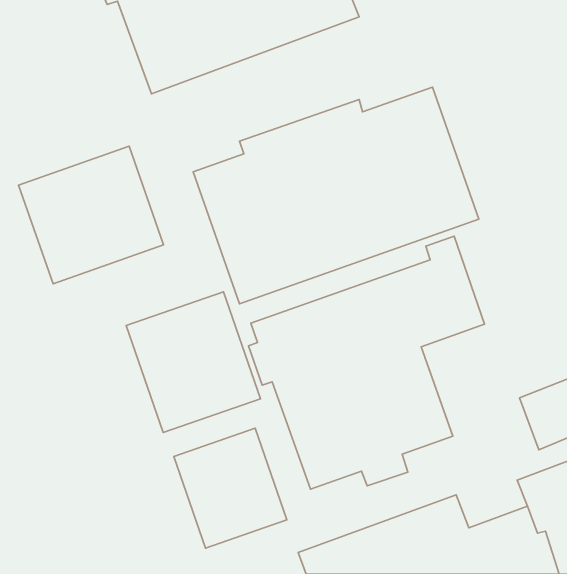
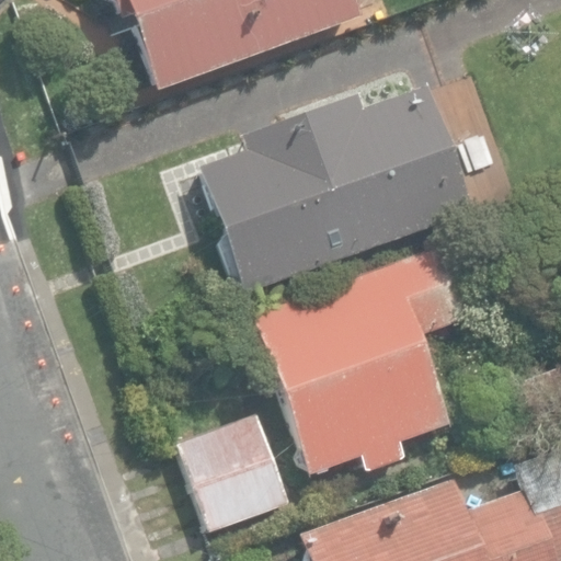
building: [19,146,164,284] -> none
building: [126,292,261,432] -> none

